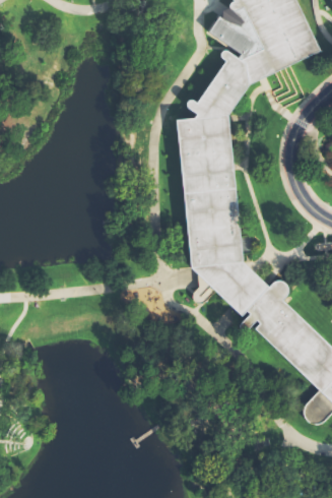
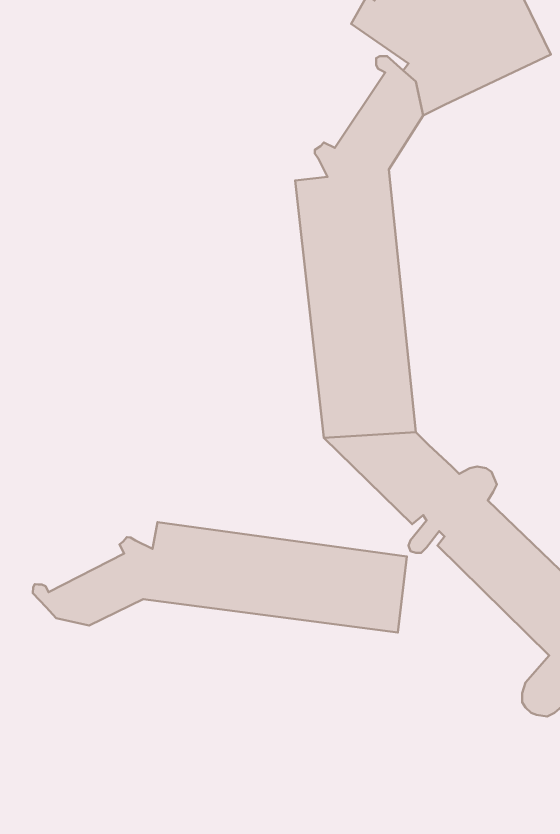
building: none -> [33,522,407,632]

